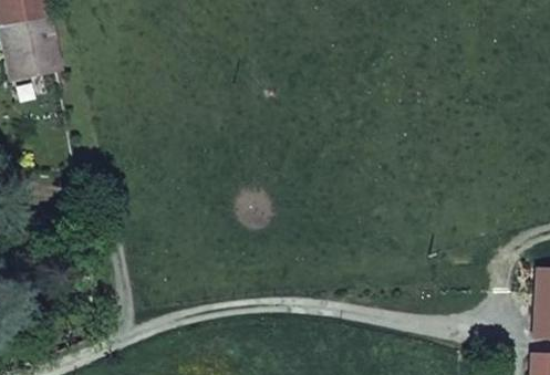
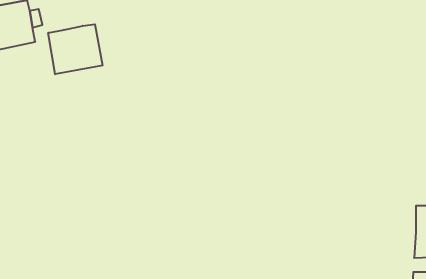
building: none -> [48,24,103,74]

